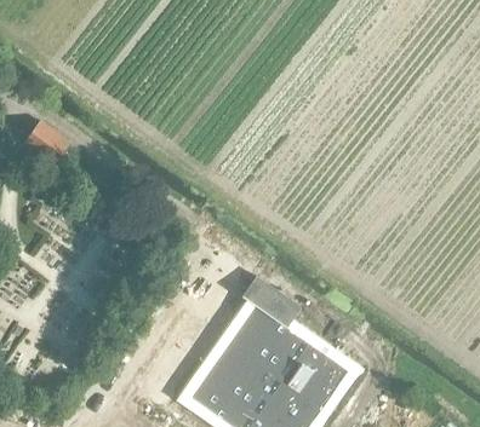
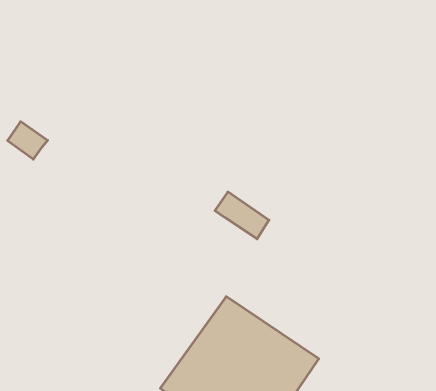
building: [244,281,299,329] -> [215,192,269,239]

